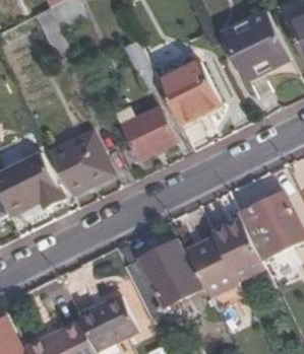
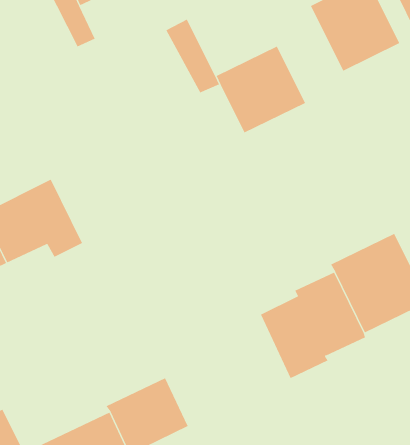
building: [122,108,176,160] -> none
building: [51,133,113,195] -> none
building: [125,239,201,312] -> none

